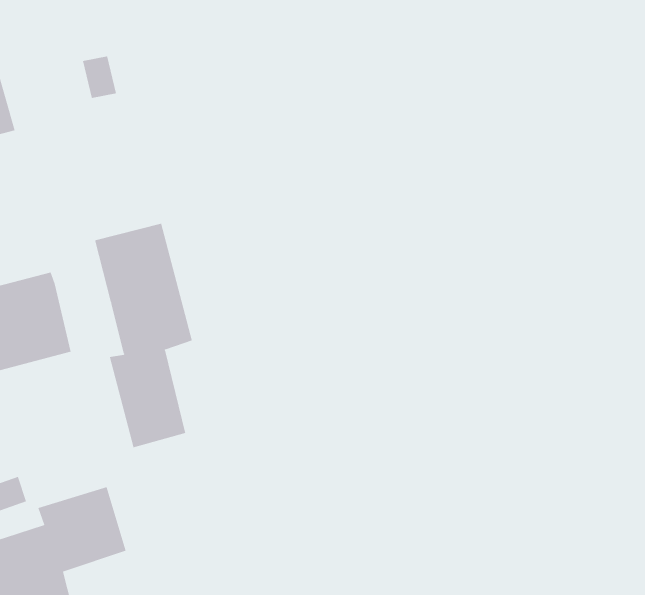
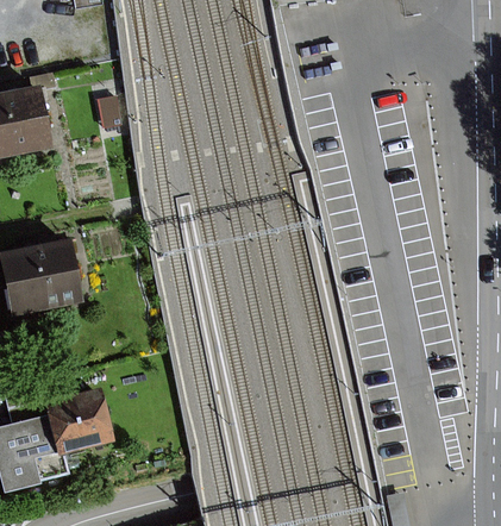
building: [94,223,193,448] -> none

